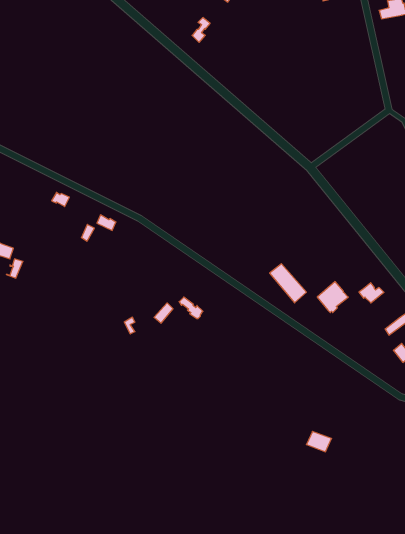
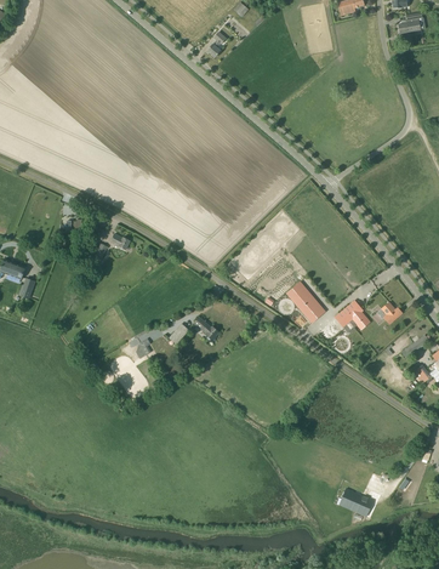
building: none -> [335,488,372,516]

